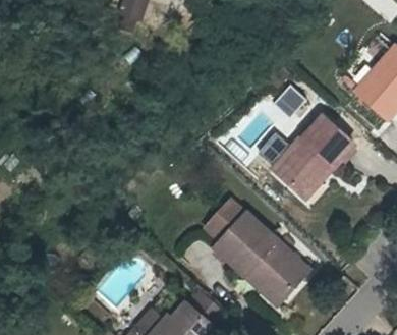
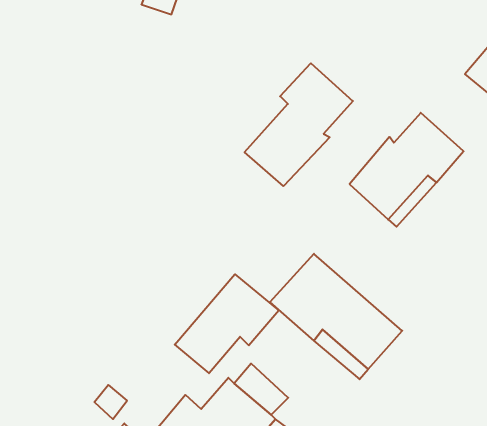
building: none -> [245,63,353,186]
building: none -> [175,274,279,373]

